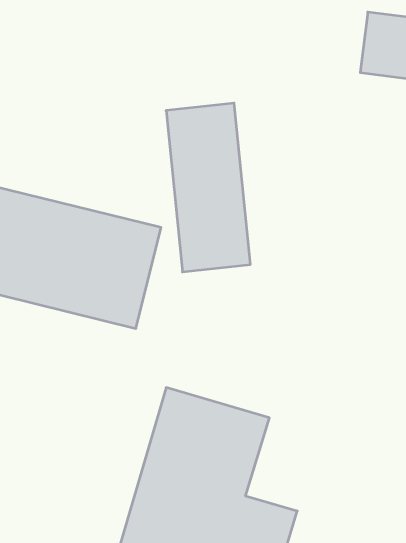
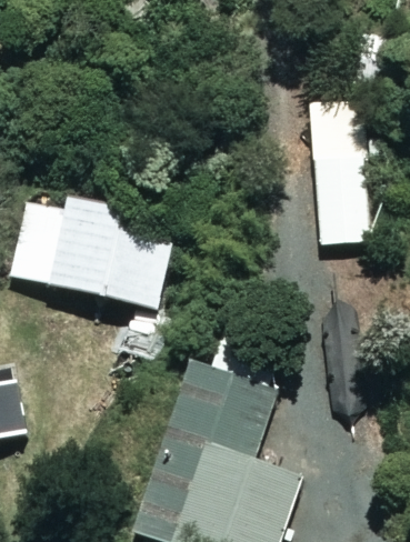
building: [166,103,250,272] -> [306,104,380,253]

